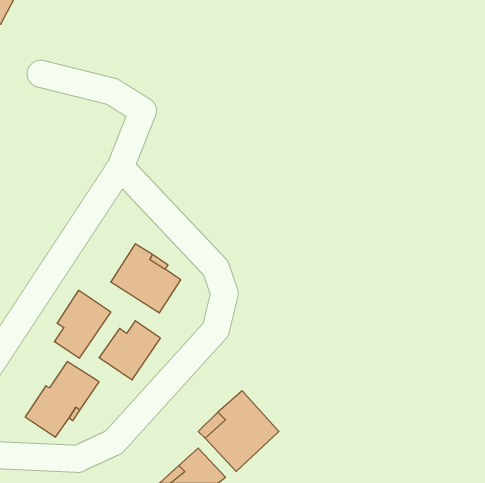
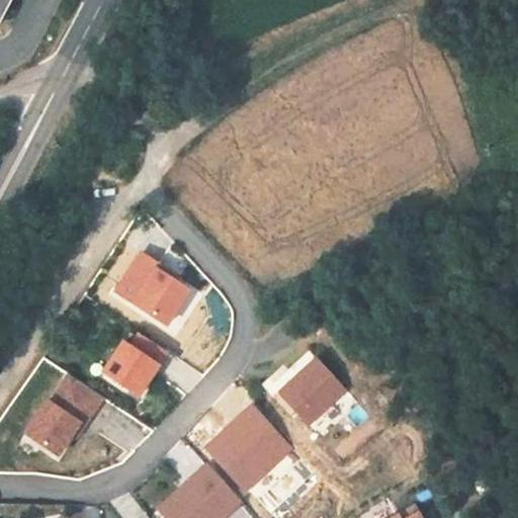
building: [54,290,111,358] -> none
building: none -> [278,359,344,424]

